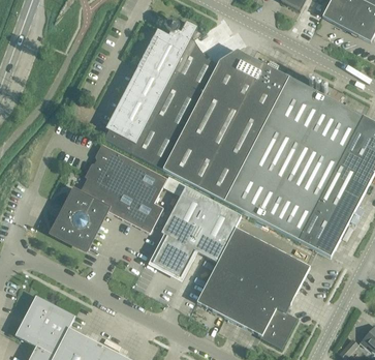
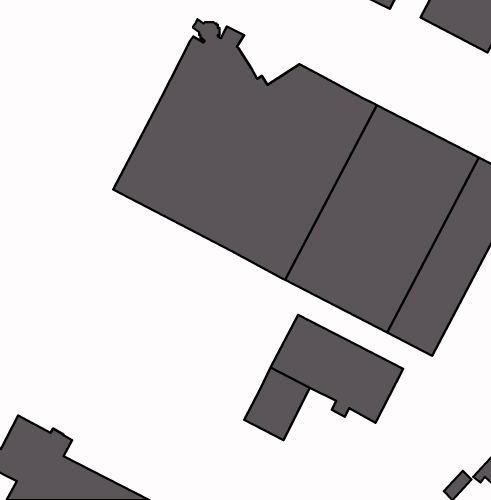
building: [53,143,167,249] -> none
building: [153,185,242,276] -> none
building: [225,278,298,348] -> none

